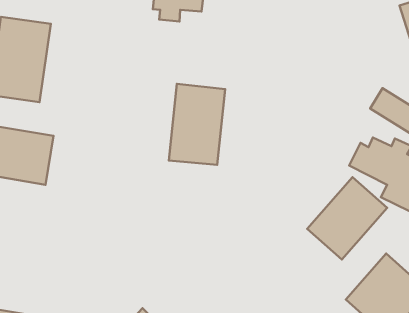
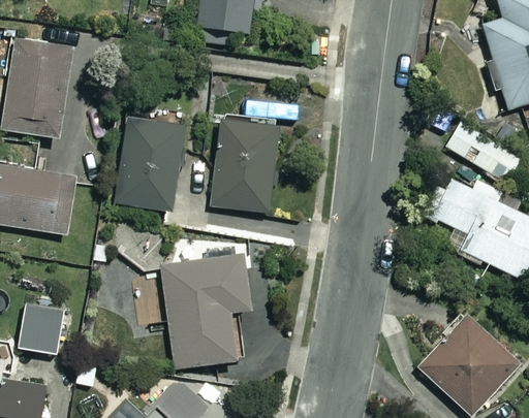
building: none -> [114,119,185,212]
building: [307,177,387,260] -> none
building: none -> [161,244,251,367]
building: none -> [19,306,59,353]

